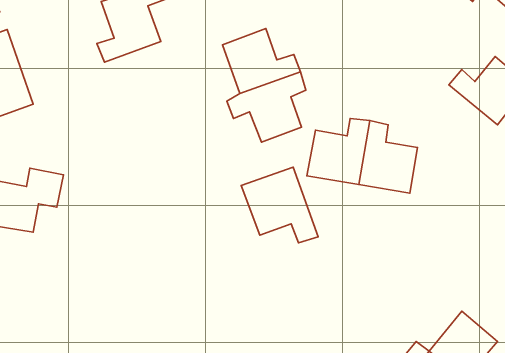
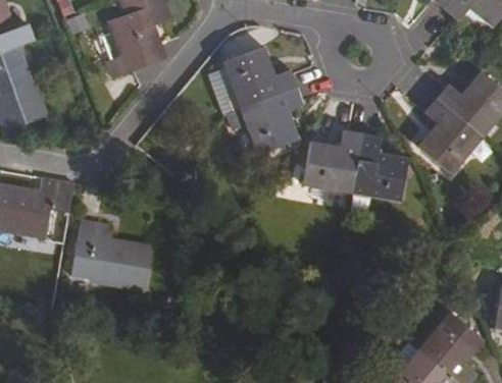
building: none -> [418,98,483,173]
building: [241,167,318,243] -> none
building: none -> [69,220,151,289]

